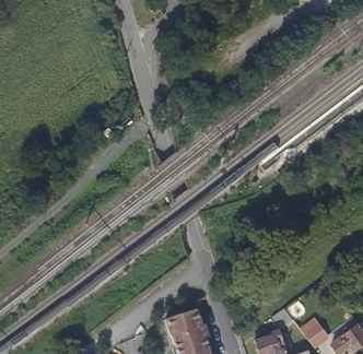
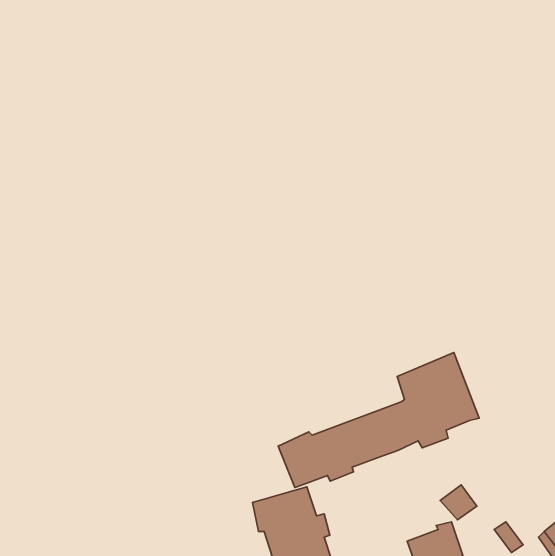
building: none -> [278,353,479,488]

